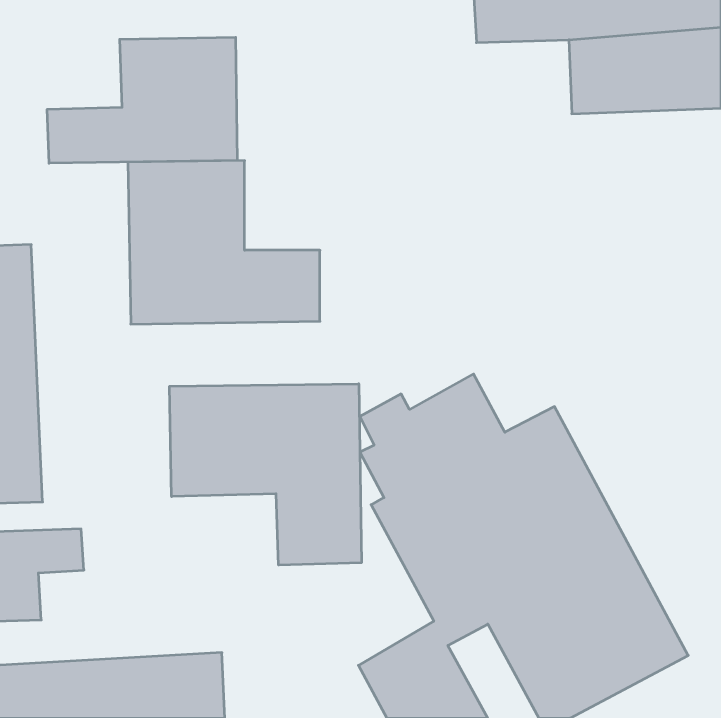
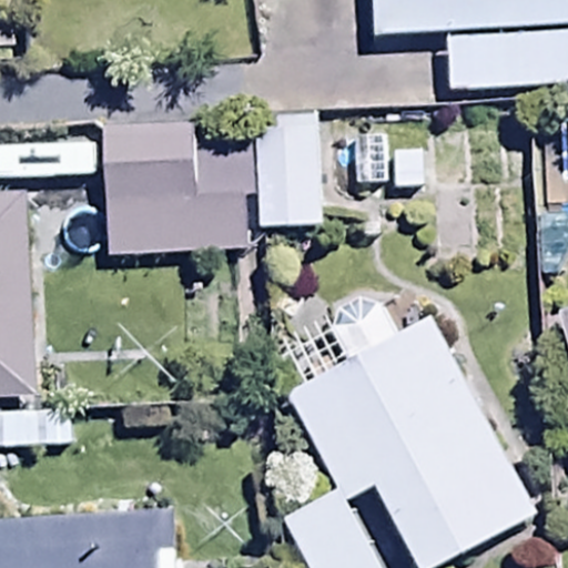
building: [47,37,237,163] -> none
building: none -> [253,113,322,226]
building: [170,384,361,565] -> none

